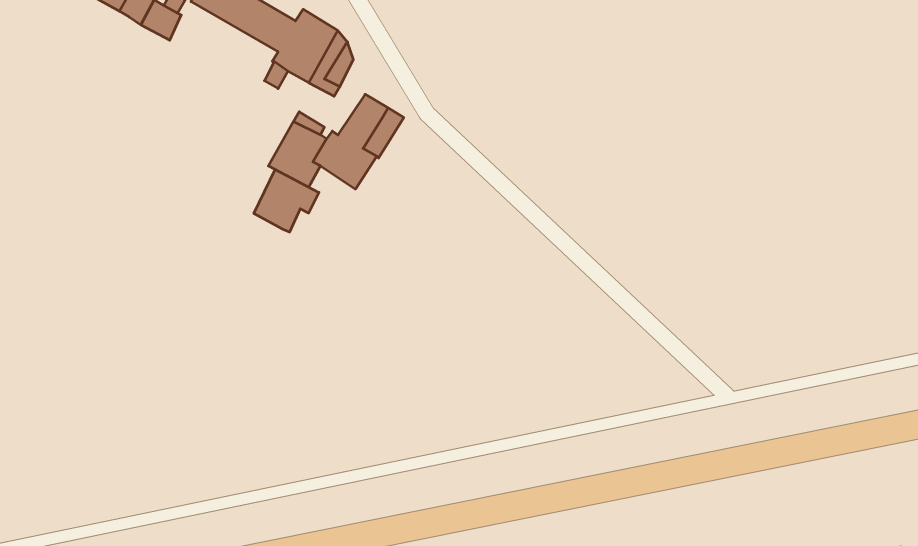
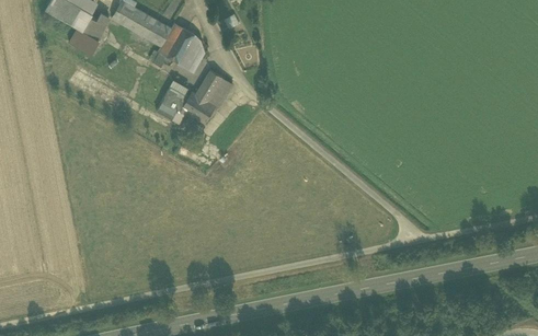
building: none -> [68,27,100,56]
building: [254,169,319,232] -> none

